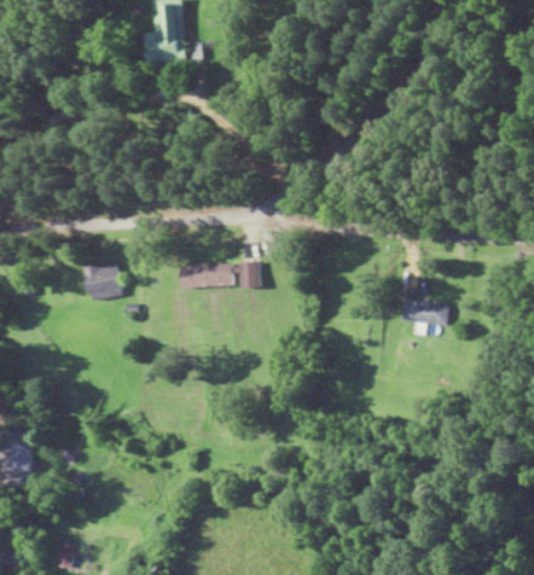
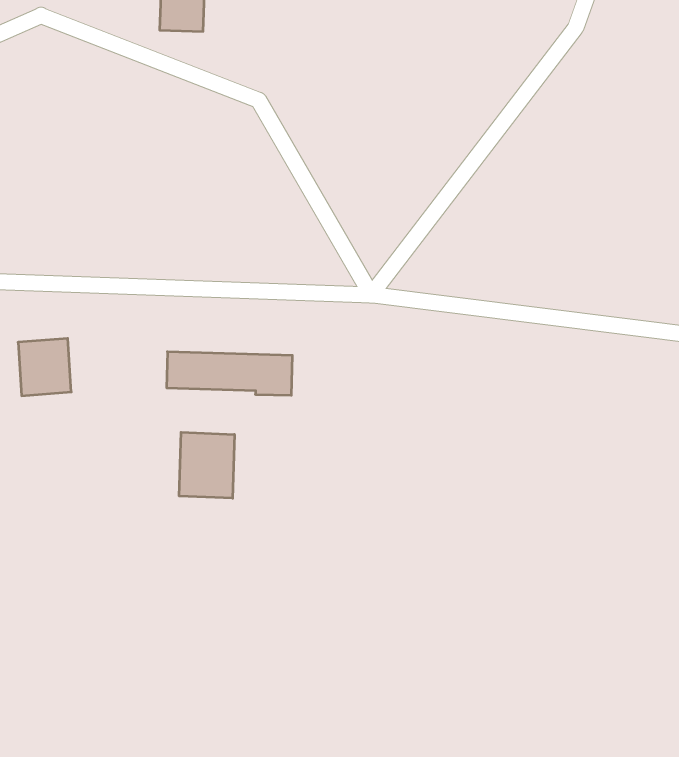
building: [399,298,451,325] -> none
building: none -> [179,432,234,498]

